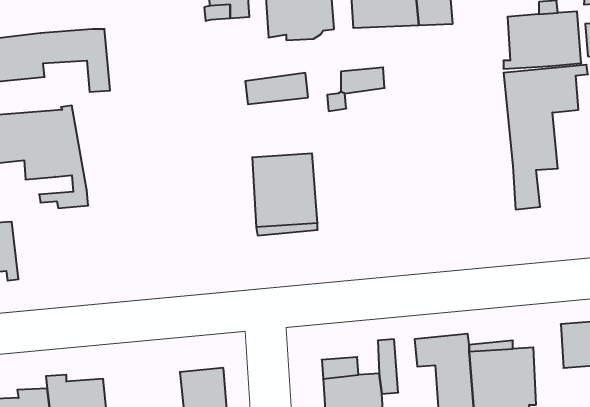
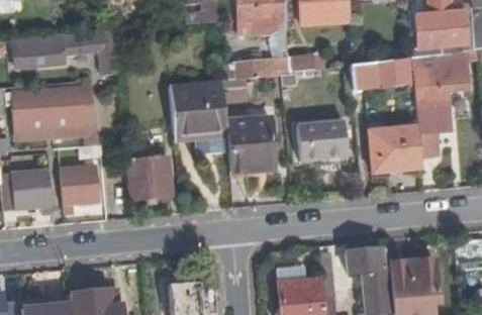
building: none -> [357,60,408,89]
building: none -> [161,85,219,142]
building: none -> [294,123,342,164]
building: none -> [368,127,421,174]
building: none -> [130,149,175,193]
building: none -> [61,164,100,213]

